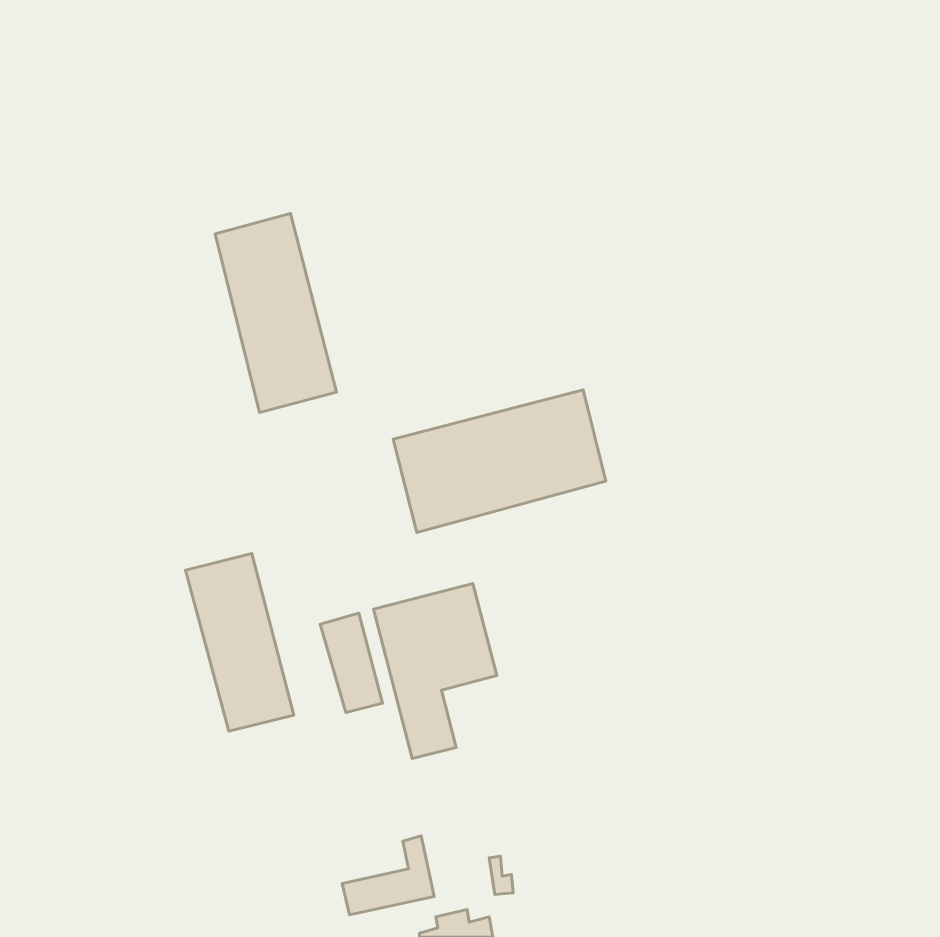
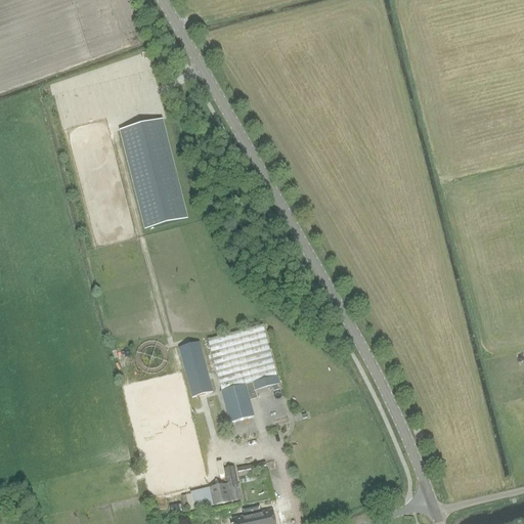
building: [393,390,606,532] -> none
building: [186,553,294,731] -> none

